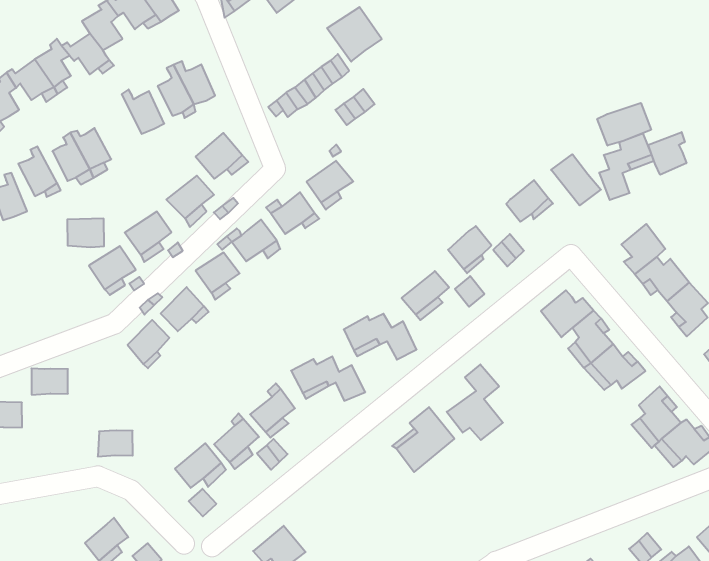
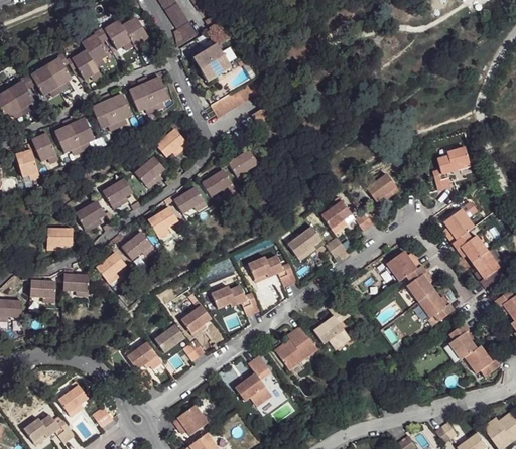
building: [327,7,382,62] -> [192,45,230,83]
building: none -> [93,95,117,130]
building: [597,103,651,146] -> none
building: [648,132,686,175] -> none
building: [551,154,601,205] -> none
building: [67,219,104,247] -> [46,227,73,247]
building: [98,430,133,456] -> [62,275,88,293]
building: none -> [234,354,272,406]

